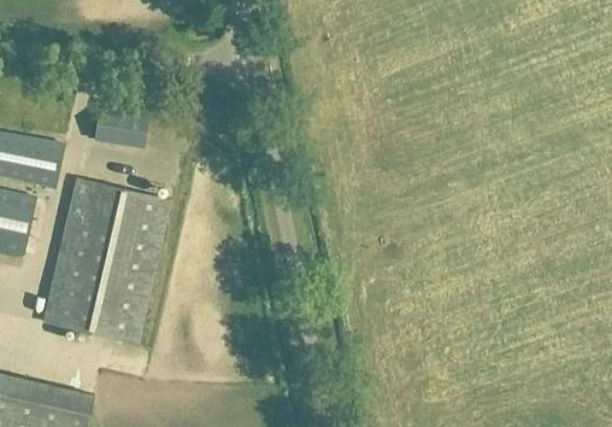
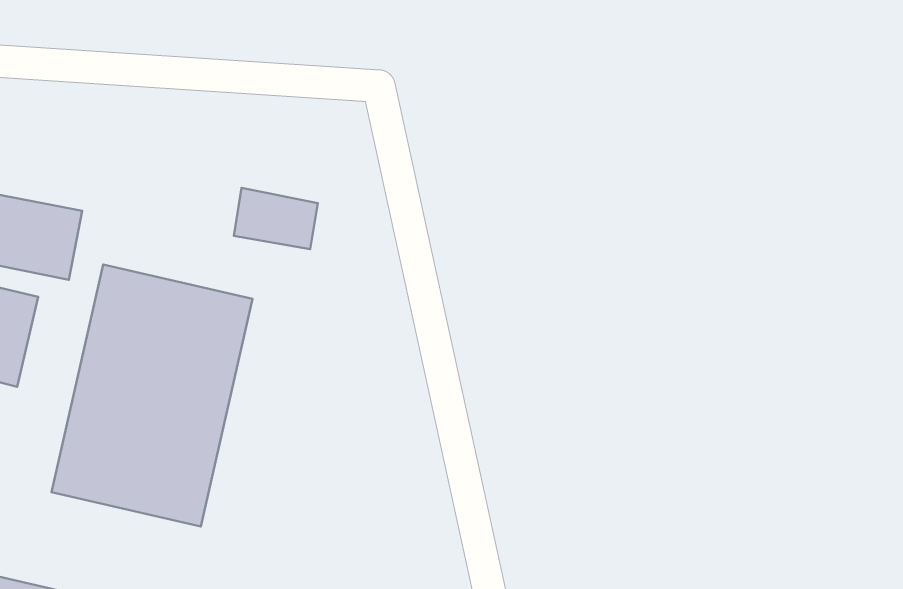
building: [94,107,147,146] -> [234,188,318,249]

